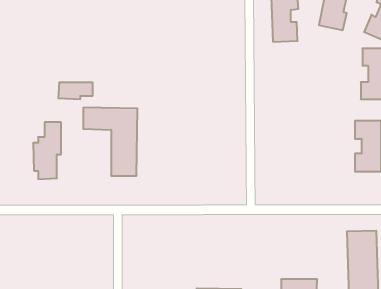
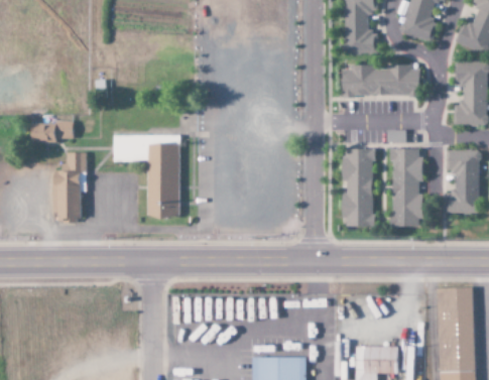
building: none -> [343,67,418,97]
building: [58,83,93,99] -> [30,123,73,143]
building: none -> [342,149,374,227]
building: none -> [392,149,421,228]

